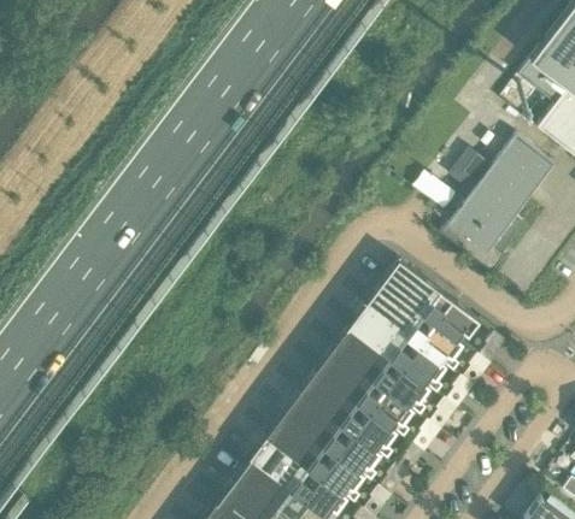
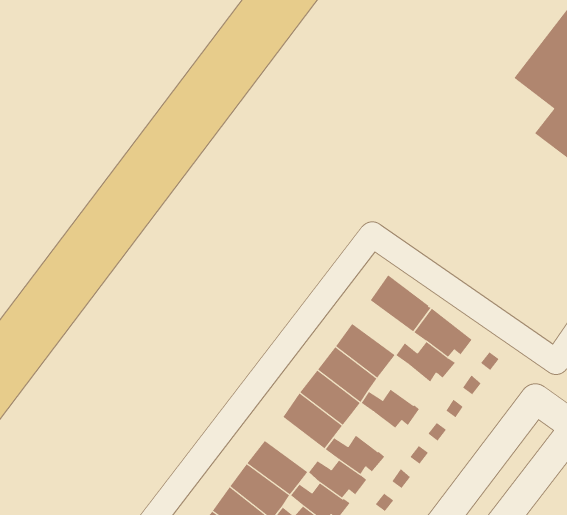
building: [441,135,556,275] -> none
building: [366,283,424,335] -> none
building: [391,343,447,382] -> none
building: [358,388,415,425] -> none
building: [284,393,341,444] -> none

